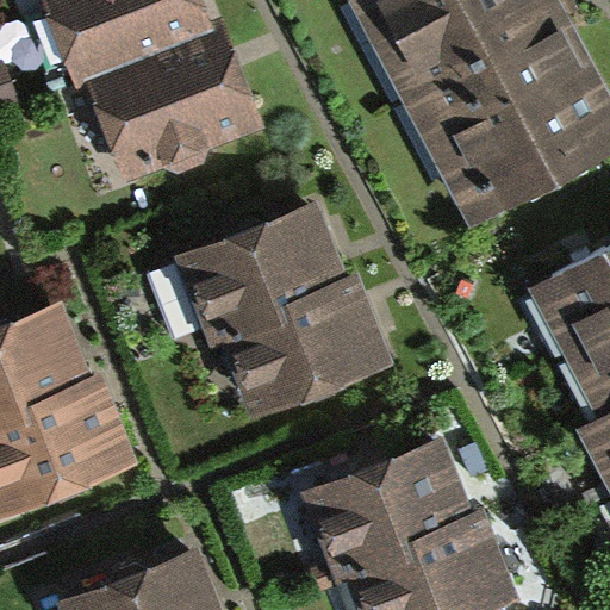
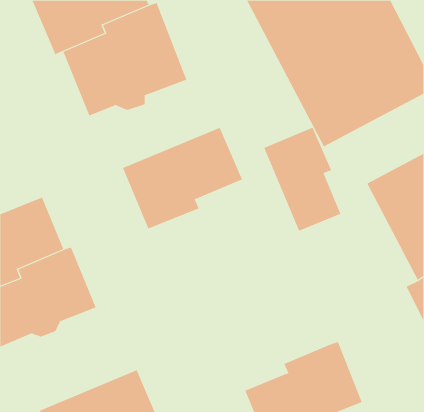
building: none -> [264,127,341,231]
building: [224,272,393,416] -> none
building: [303,436,474,583] -> none

